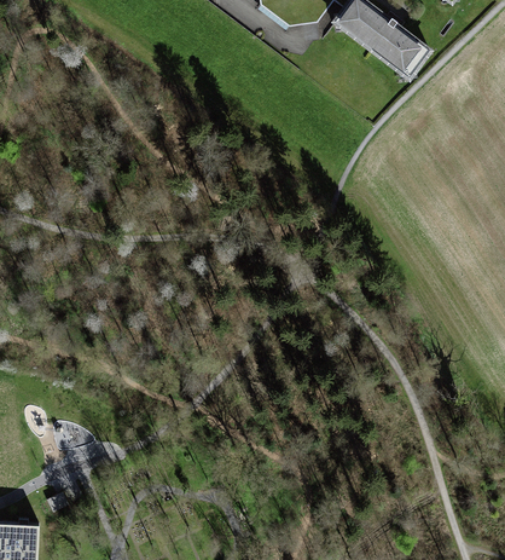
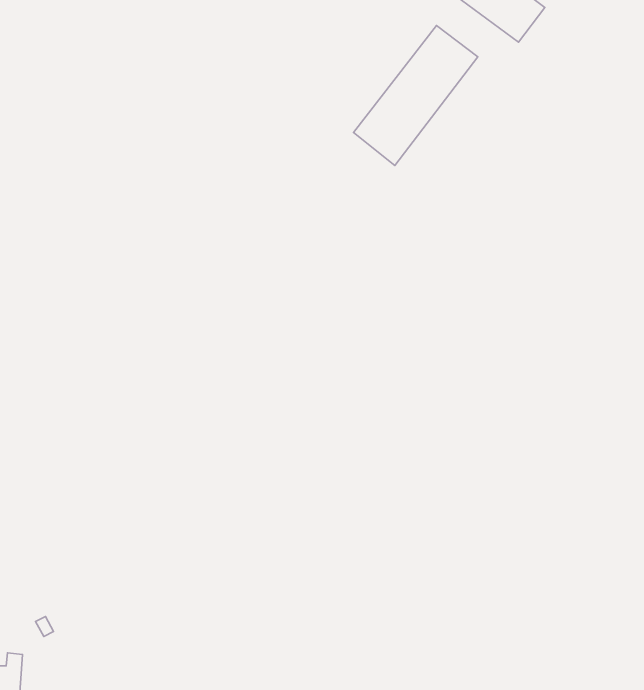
building: none -> [353,26,478,166]

